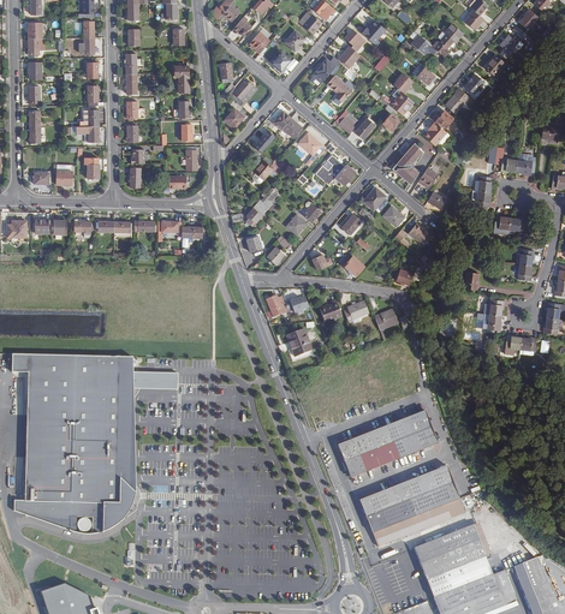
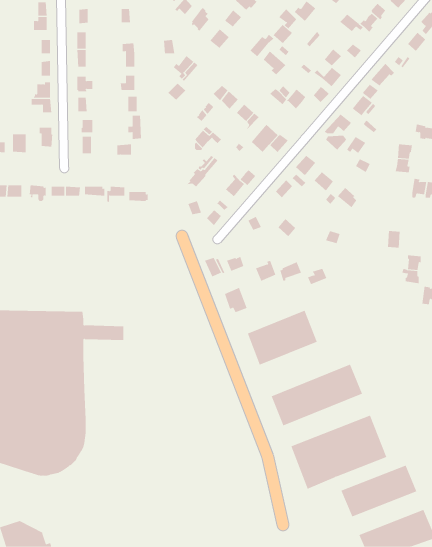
building: none -> [247,310,317,366]
building: [423,552,501,597] -> none

